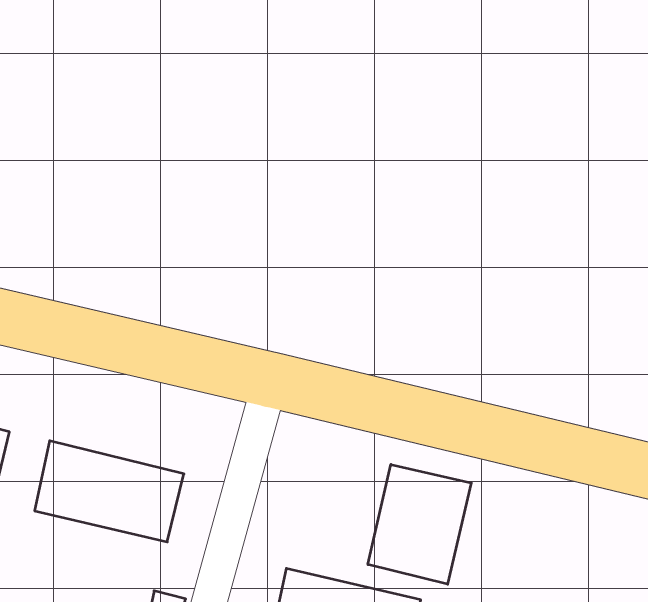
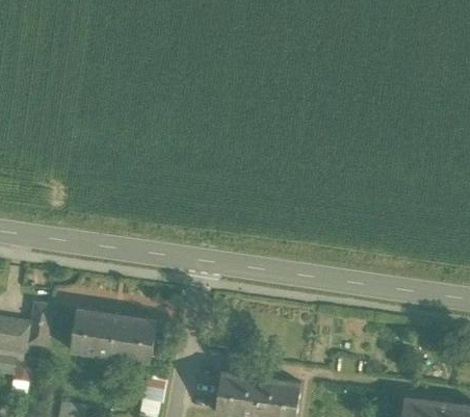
building: [368,464,471,584] -> none

